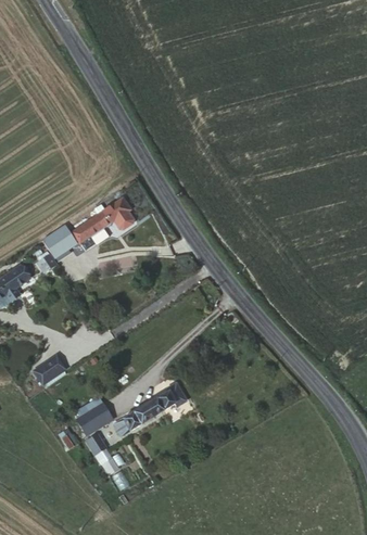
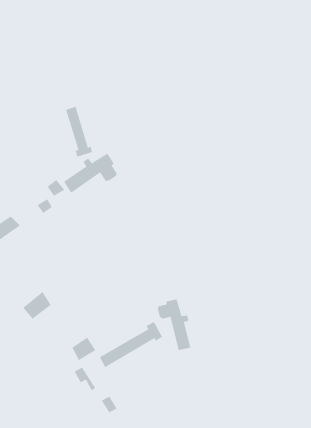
building: none -> [65,106,92,157]
building: none -> [157,298,191,351]

